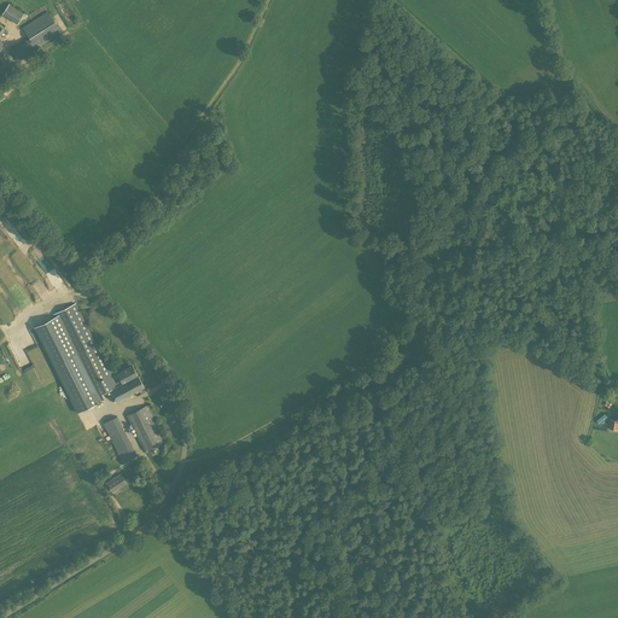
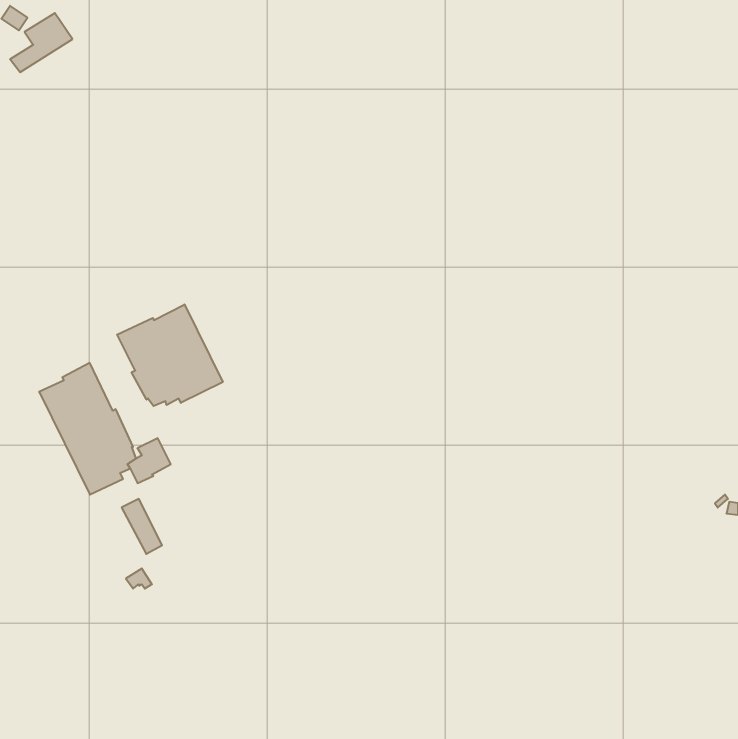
building: none -> [117,304,223,406]
building: [126,406,165,451] -> none

